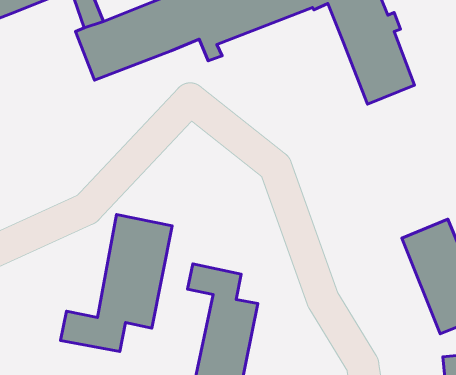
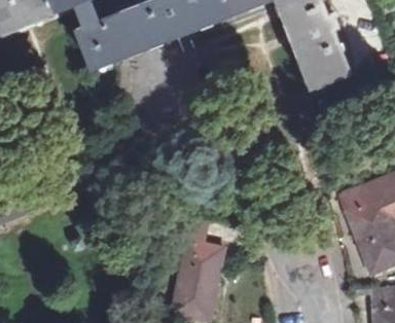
building: [61,214,172,352] -> none

